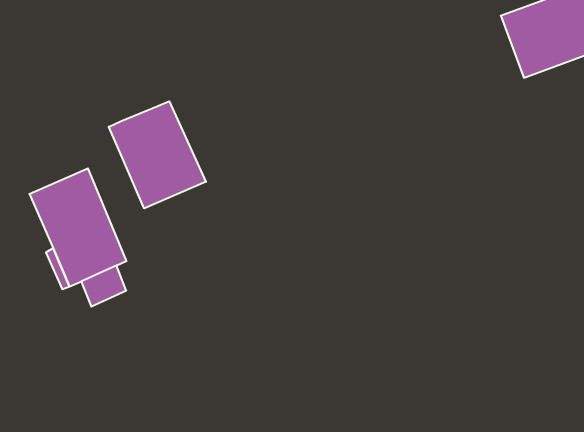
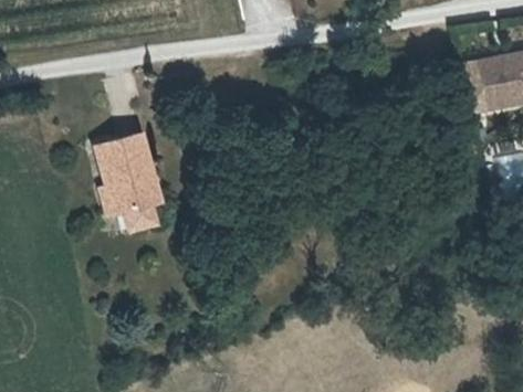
building: [109,101,206,208] -> none

